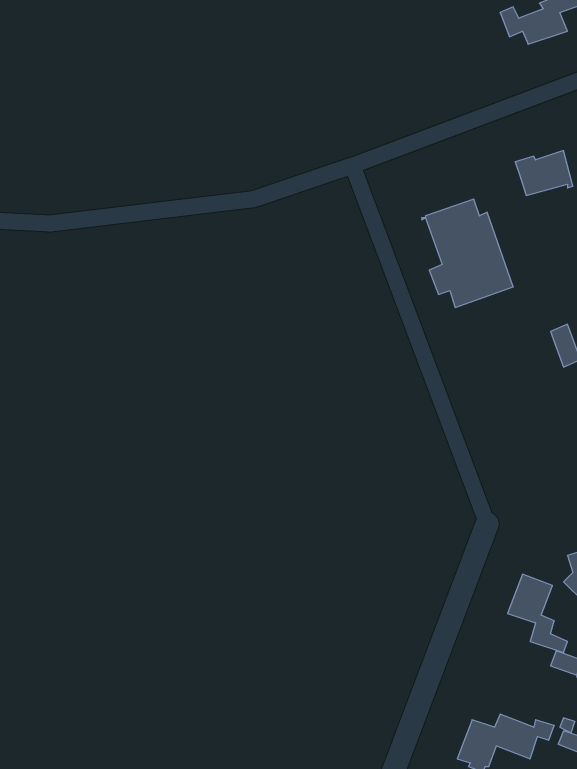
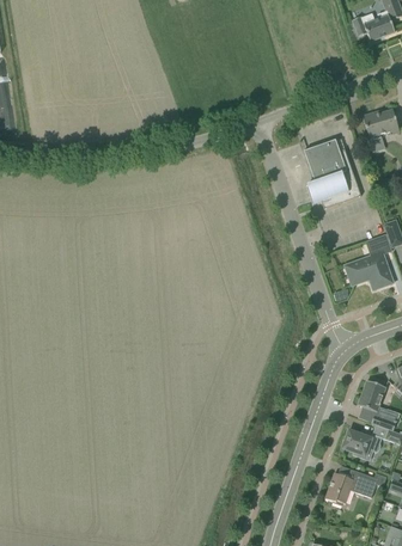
building: none -> [345,235,392,289]
building: none -> [342,430,382,459]

